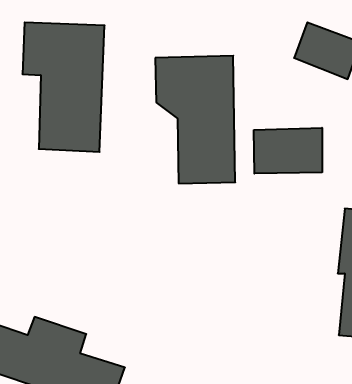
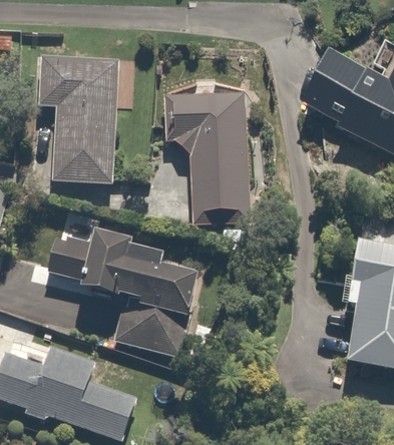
building: [254,128,322,174] -> none
building: none -> [45,229,195,350]

